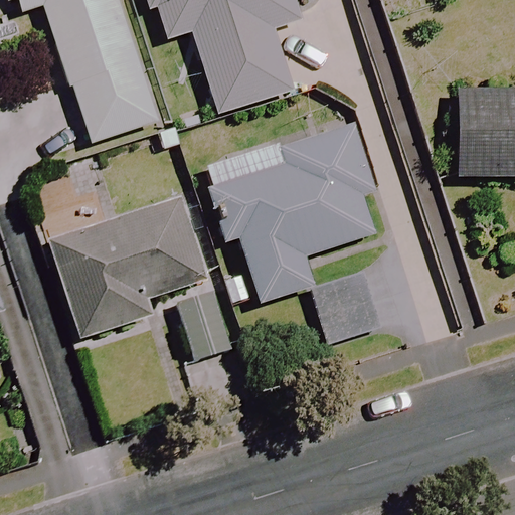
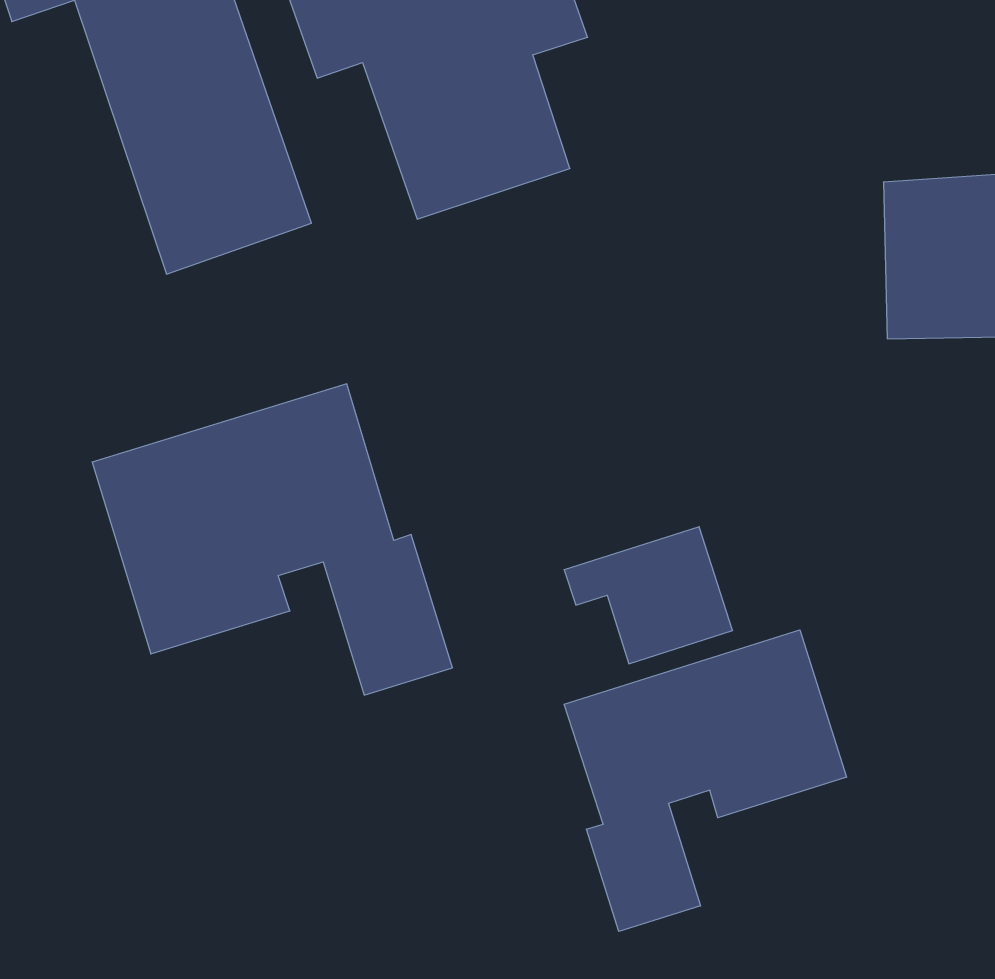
building: [210,124,374,301] -> none
building: none -> [564,630,847,931]

